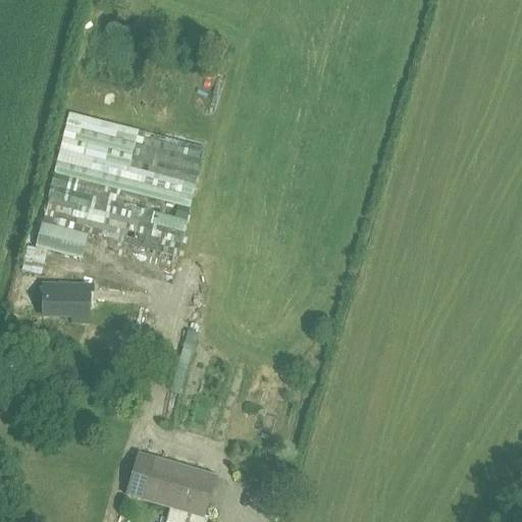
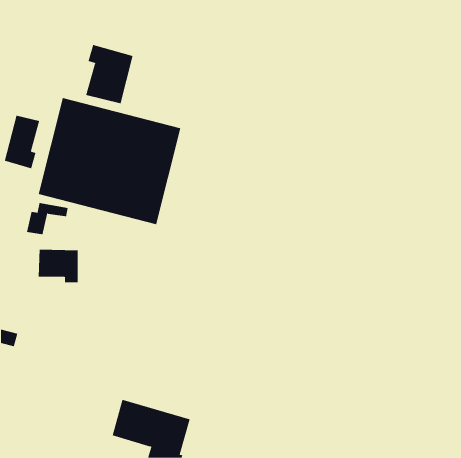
building: none -> [86,44,133,104]
building: none -> [4,115,40,169]

